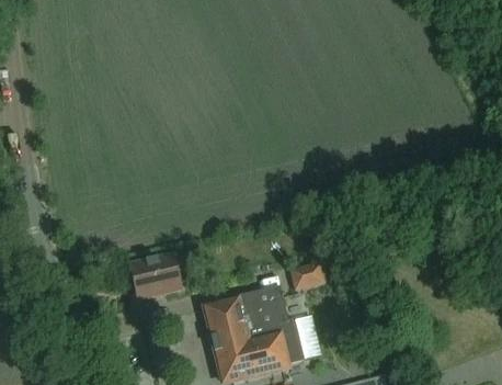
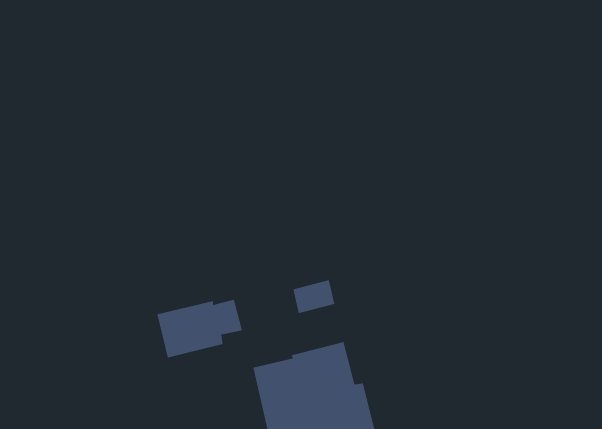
building: [289,262,323,290] -> [293,280,335,314]

